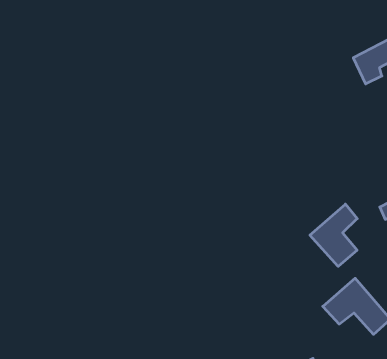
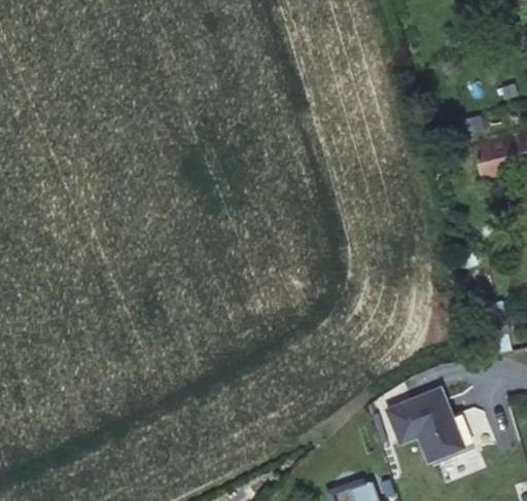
building: [310,204,357,266] -> none

